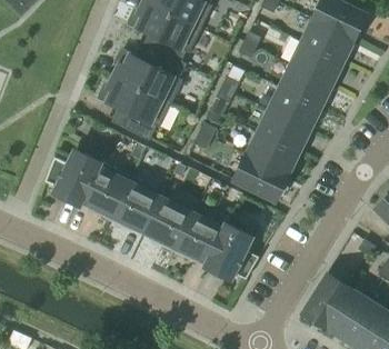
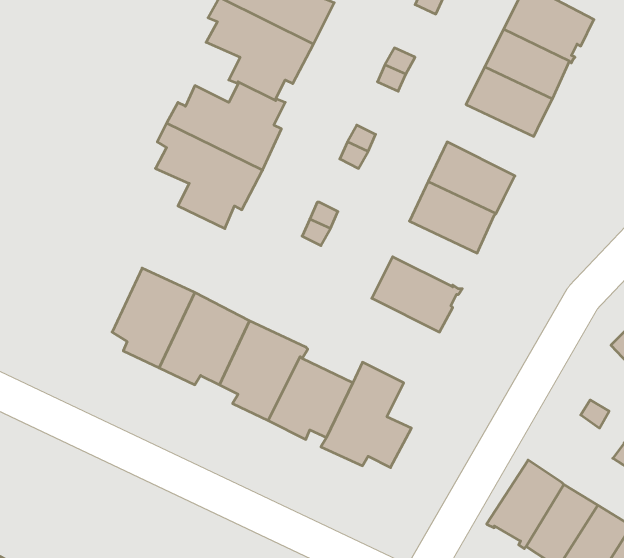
building: [280,66,331,108] -> none
building: [248,134,298,175] -> none
building: [46,144,103,206] -> none

